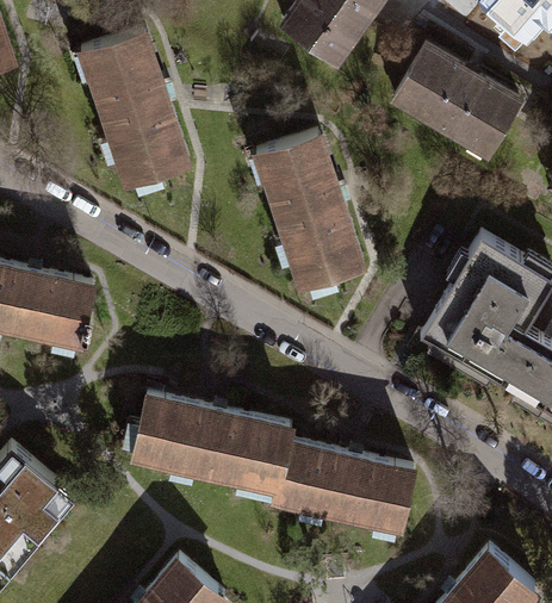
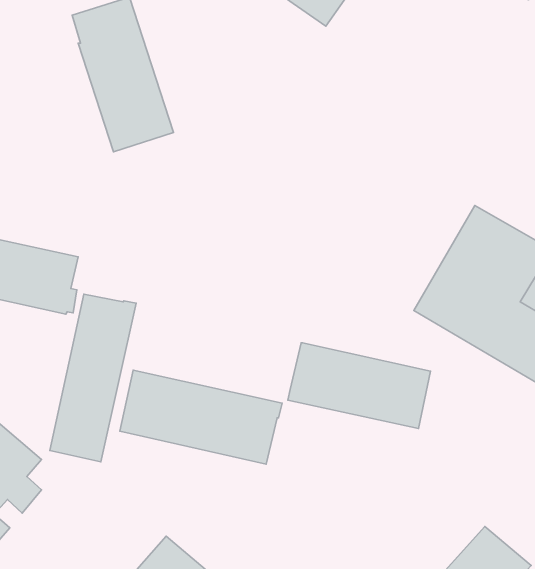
building: [392,46,517,155] -> none
building: [260,133,358,285] -> none
building: none -> [50,294,136,462]
building: [272,442,411,526] -> [288,343,431,428]

